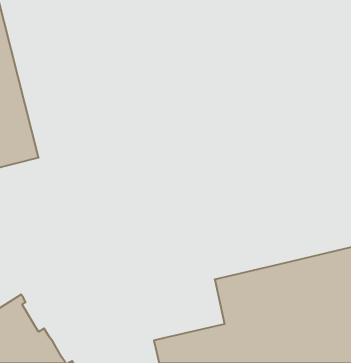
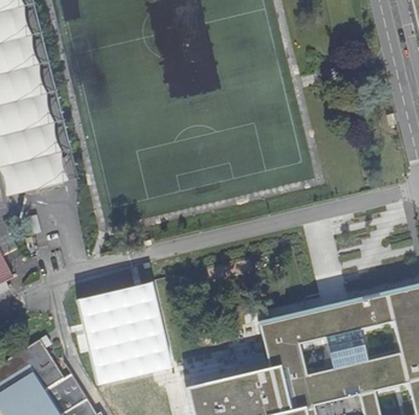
building: none -> [76,281,172,387]

